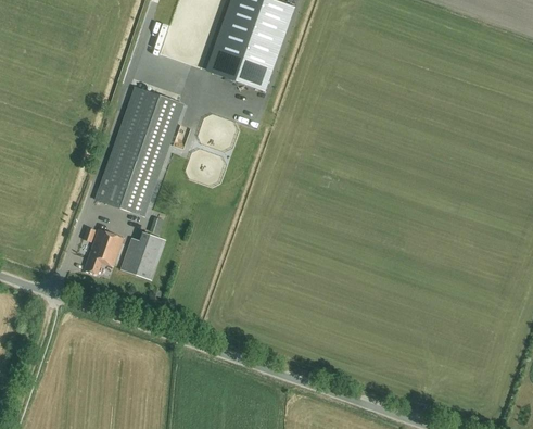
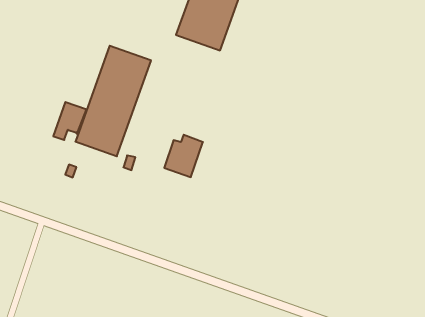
building: [84,228,123,273] -> [53,102,86,140]
building: [119,229,165,279] -> [164,135,203,177]

